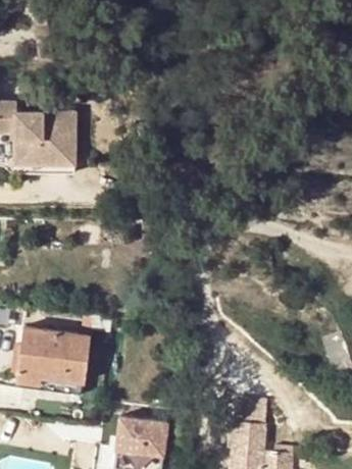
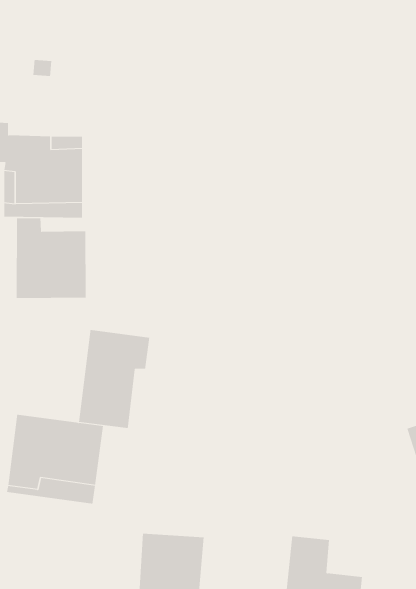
building: none -> [16,218,86,299]
building: none -> [78,329,150,429]

